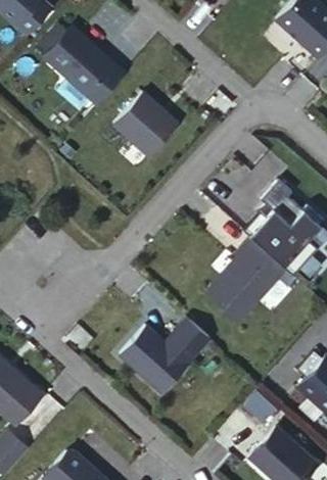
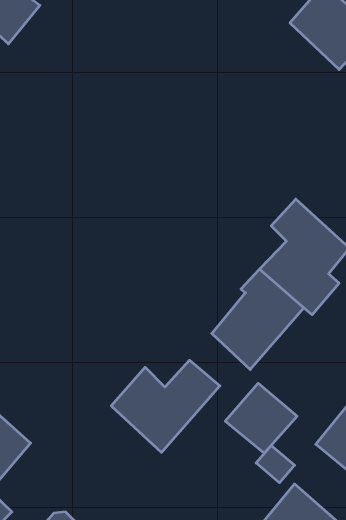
building: [42,23,128,107] -> none
building: [110,90,180,159] -> none
building: none -> [225,383,297,453]

